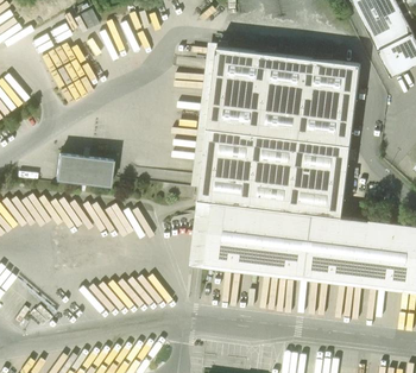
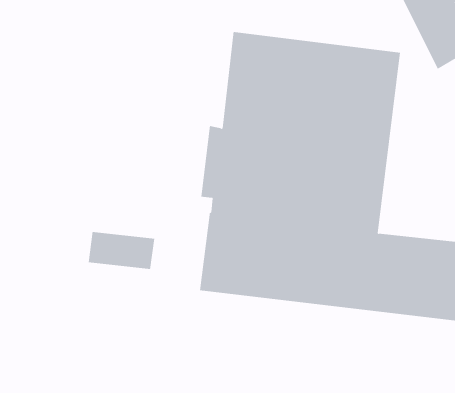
building: [56,154,113,186] -> [88,232,155,269]

